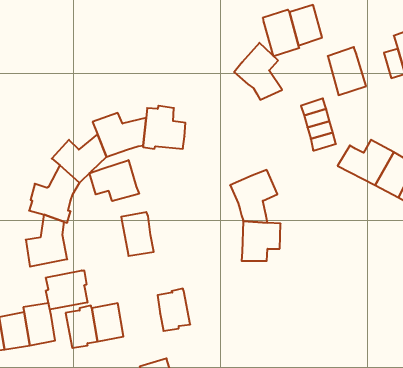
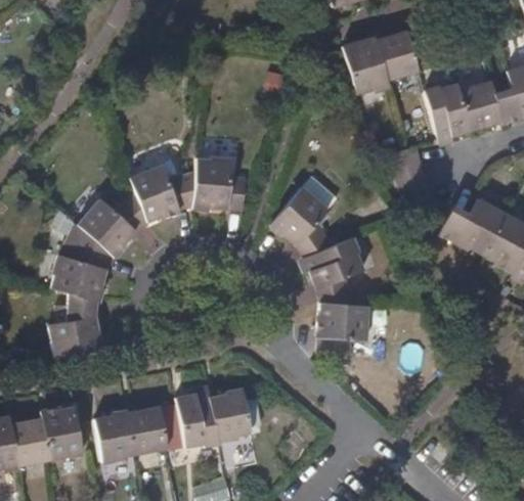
building: [234,43,282,100] -> [270,186,331,258]
building: none -> [462,82,506,133]
building: [89,160,139,201] -> none
building: [121,212,154,256] -> [178,391,219,446]
building: [46,270,87,310] -> none

